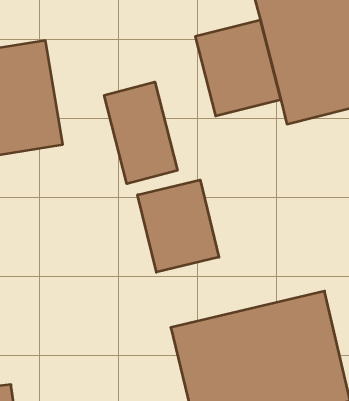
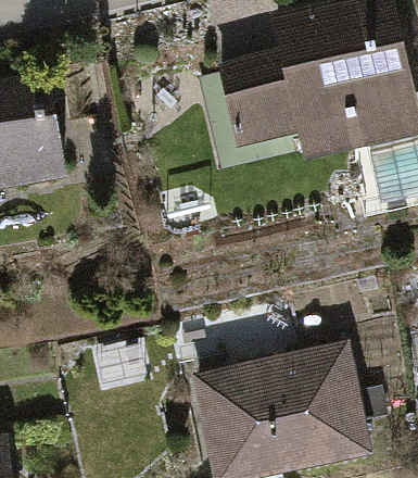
building: [104,82,177,184] -> none
building: [138,180,219,272] -> none

